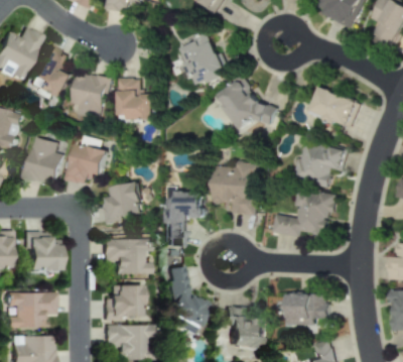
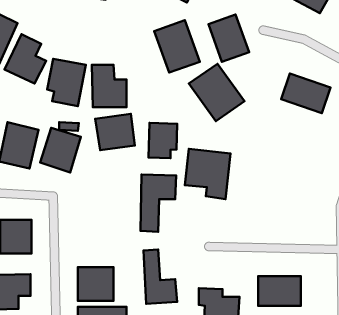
building: none -> [208,14,249,62]
building: none -> [149,123,177,158]
building: [295,139,348,187] -> none
building: [102,184,142,221] -> [95,114,135,150]
building: [274,190,332,239] -> none
building: [102,238,150,273] -> none

